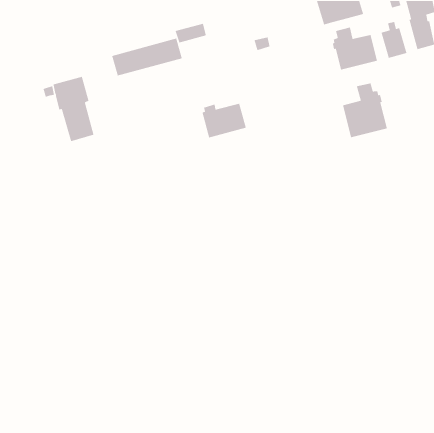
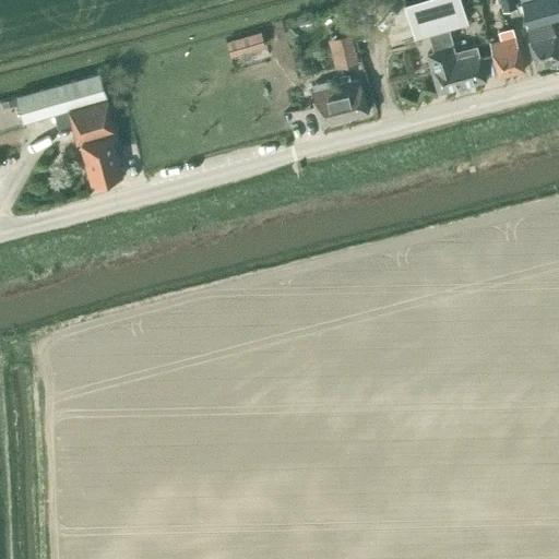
building: [111,38,183,77] -> [15,71,107,121]
building: [342,83,388,138] -> none
building: [202,103,247,139] -> [310,80,368,126]

